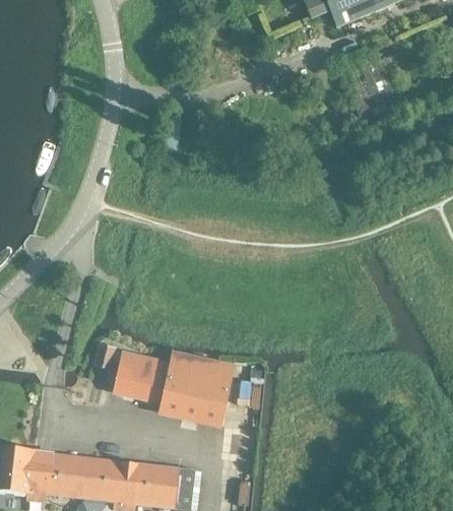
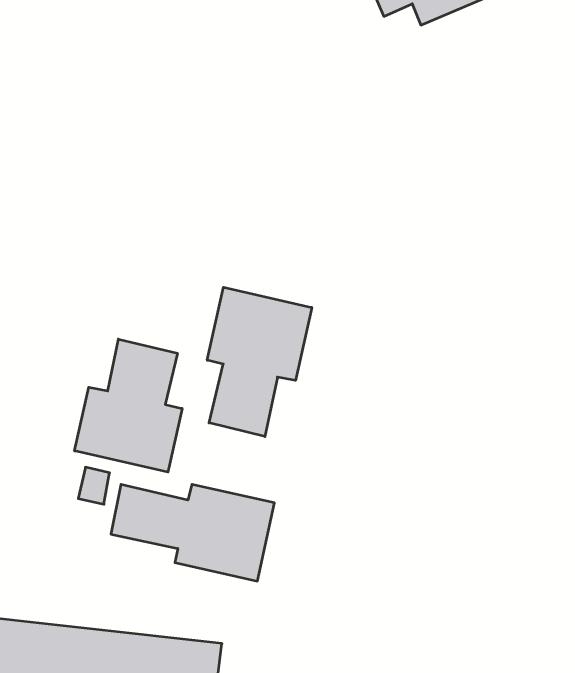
building: none -> [207,287,312,437]
building: none -> [75,339,182,472]

